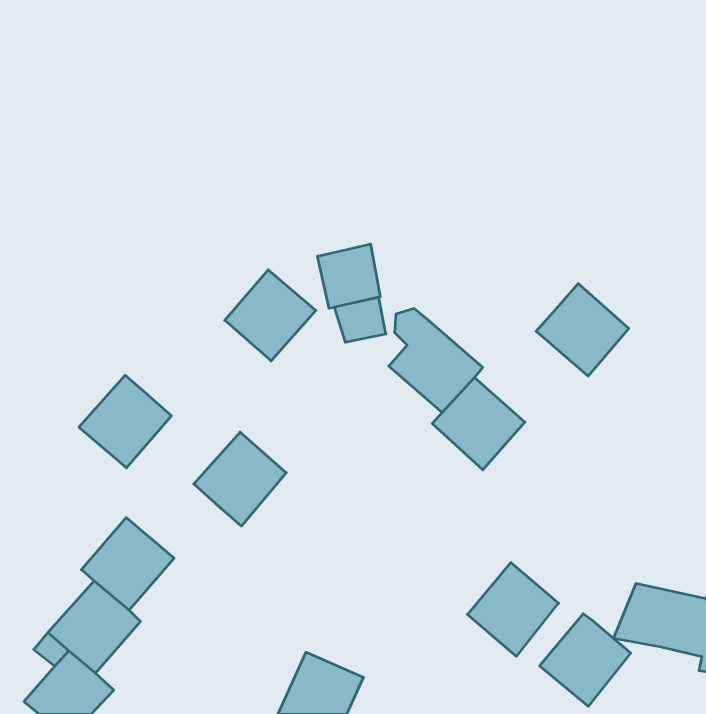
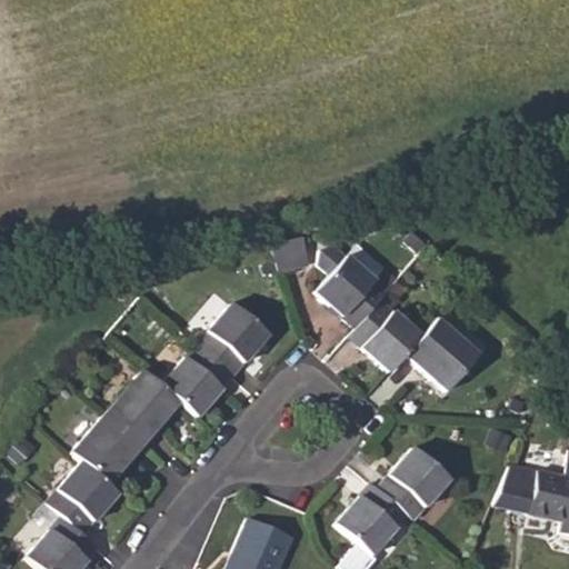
building: [318,244,380,308] -> none
building: [225,270,316,361] -> [199,302,271,375]
building: [536,284,629,376] -> [407,317,480,390]
building: [79,375,171,468] -> [109,369,182,442]
building: [540,614,631,706] -> [337,481,409,555]

